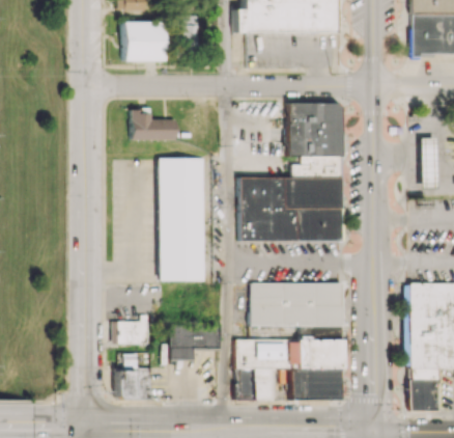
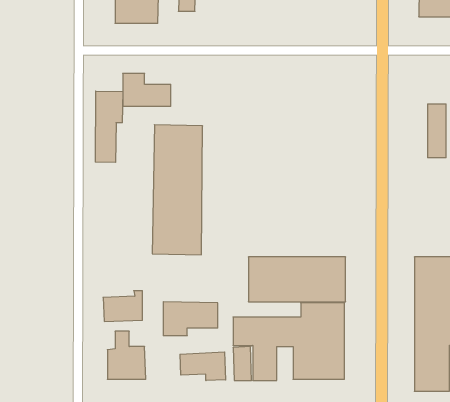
building: [237,104,341,242] -> none
building: none -> [95,91,123,162]
building: none -> [180,352,226,381]

